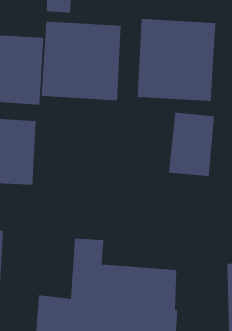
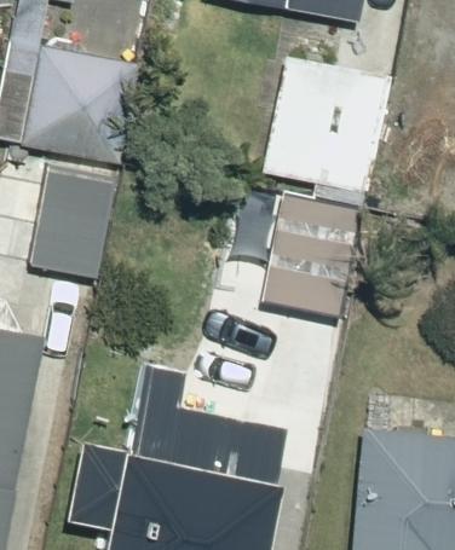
building: [41,21,121,101] -> none

